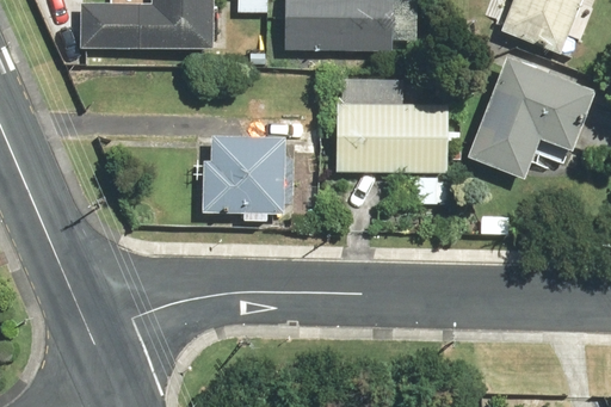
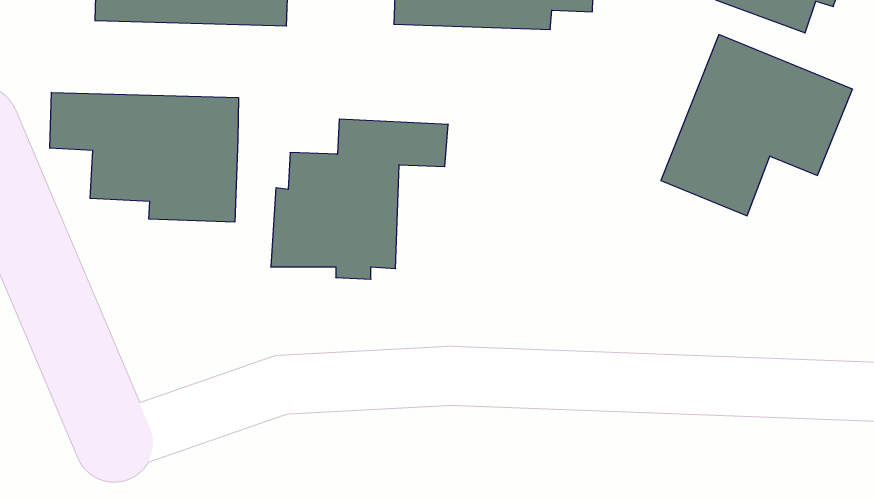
building: none -> [50,92,238,222]
building: [333,98,451,203] -> none

